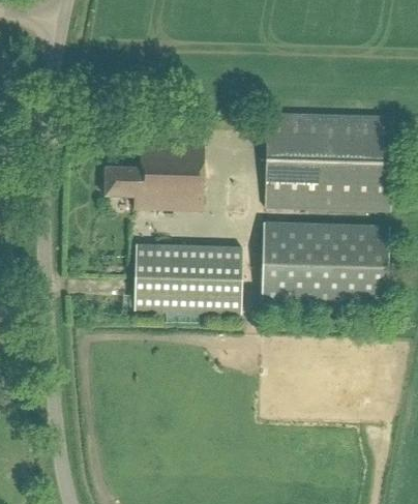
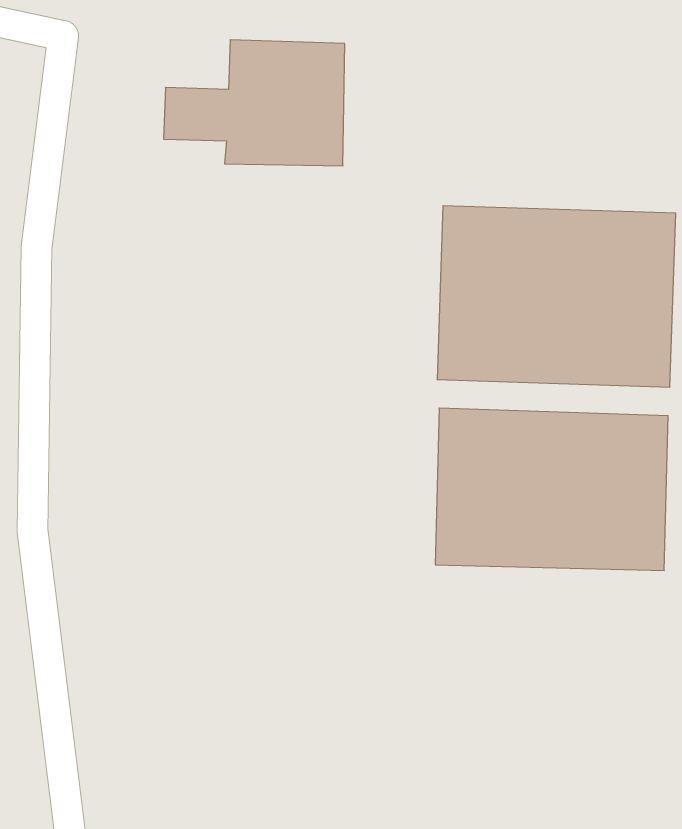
building: [105,142,203,210] -> [164,40,345,166]
building: [135,244,242,314] -> none

